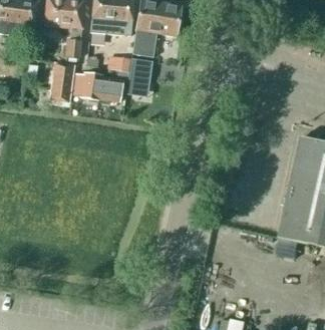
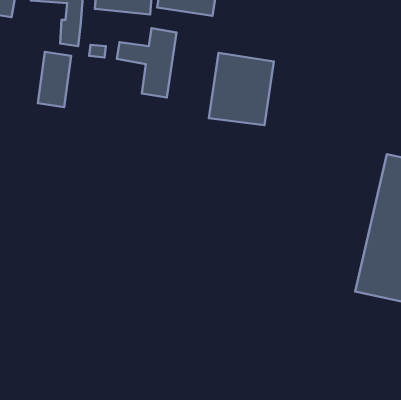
building: none -> [209,53,274,125]
building: [74,72,123,101] -> none

